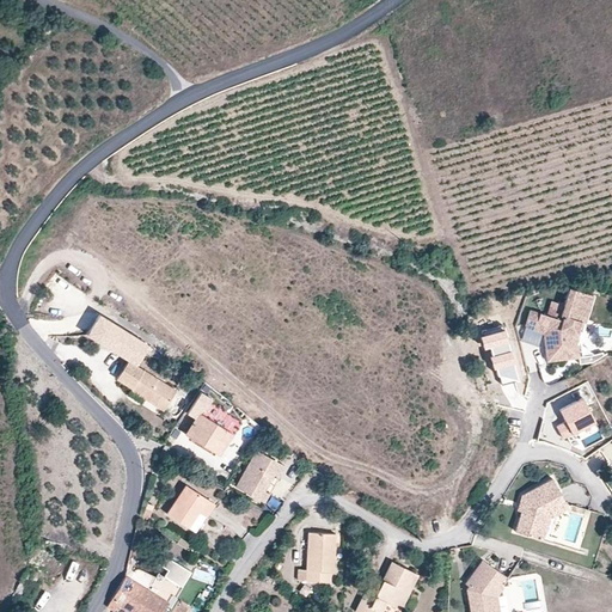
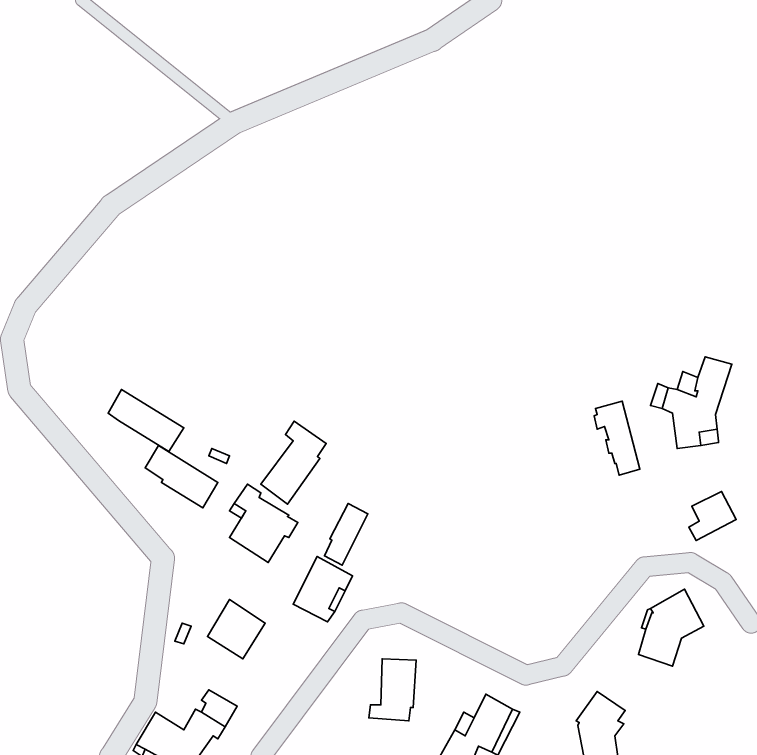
building: none -> [261,421,326,504]
building: none -> [325,503,368,565]

